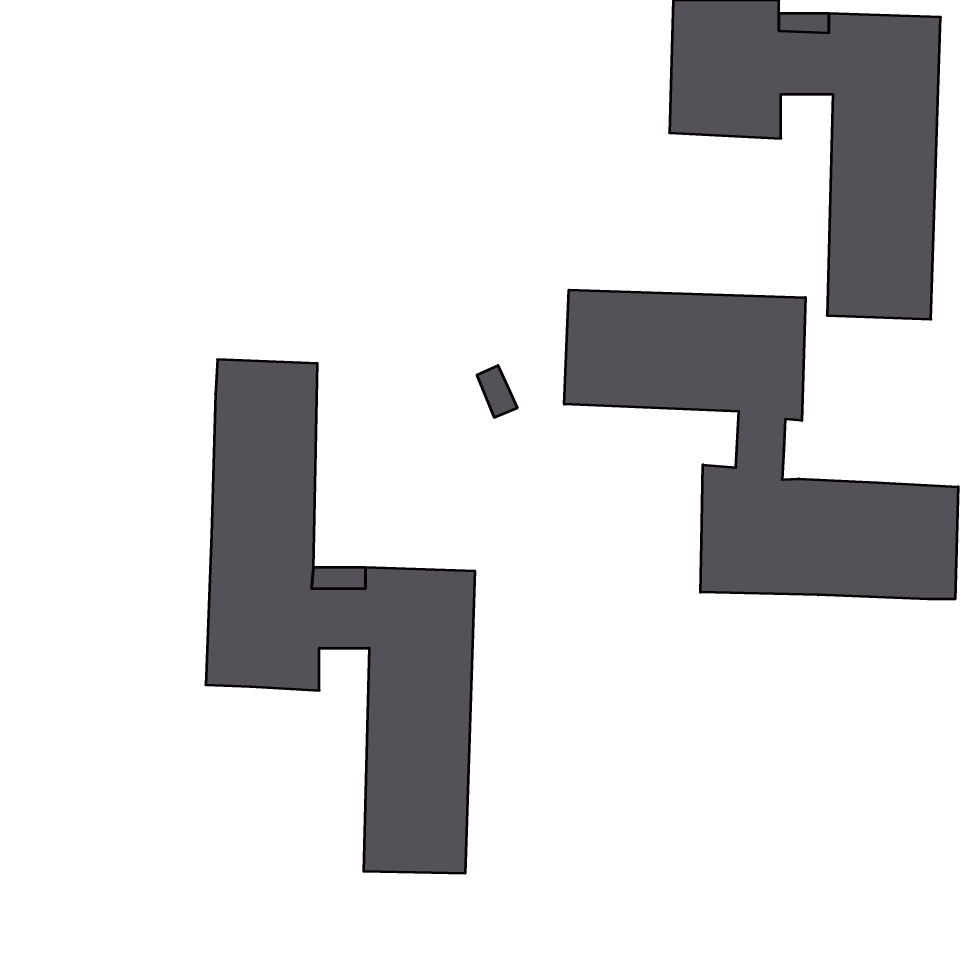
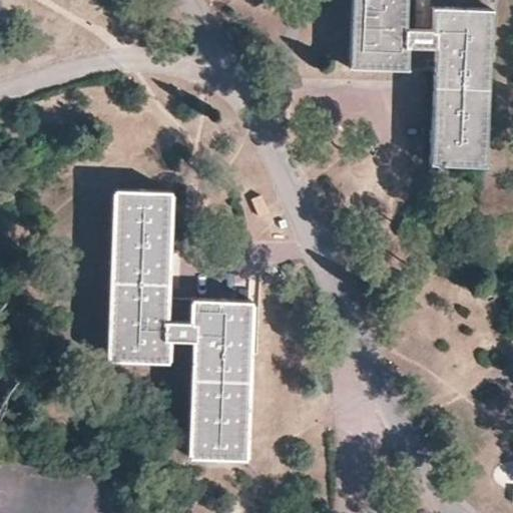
building: [564,290,958,599] -> none

